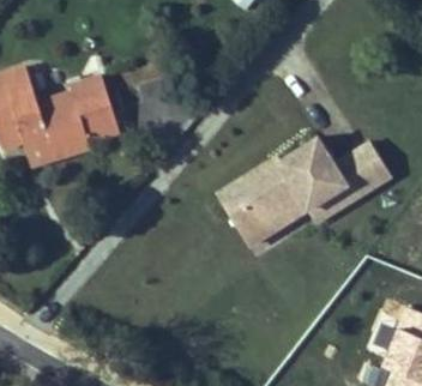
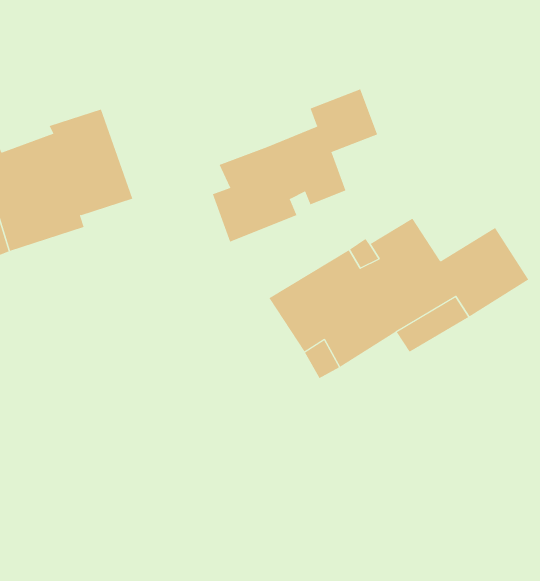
building: none -> [212,89,378,242]

